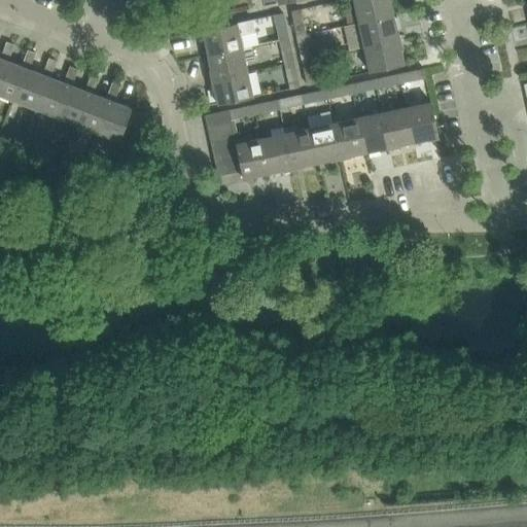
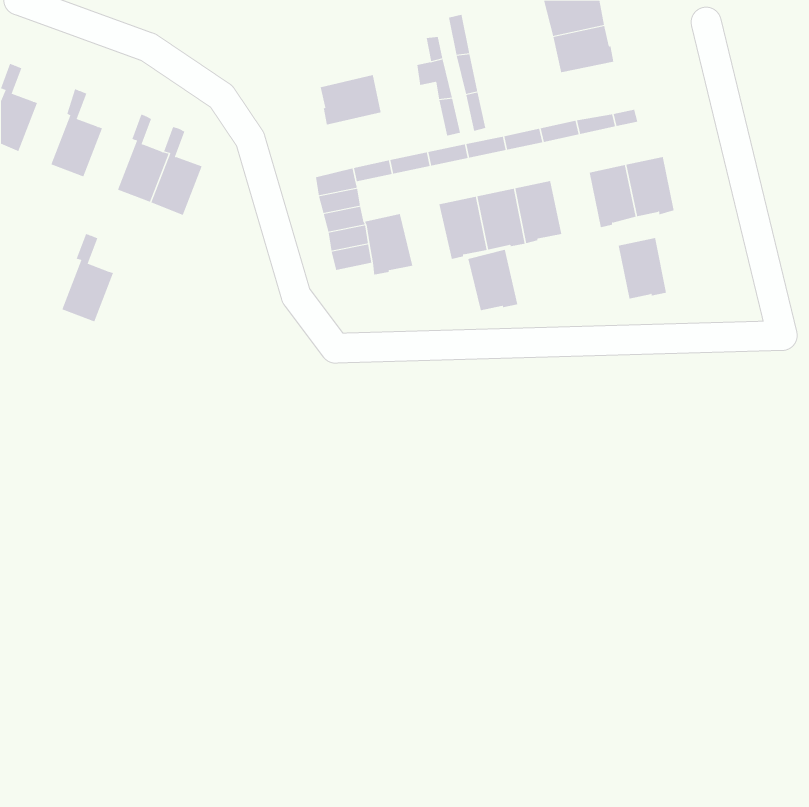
building: [203,21,255,58] -> none
building: [364,41,403,73] -> none
building: [12,50,45,108] -> none
building: [55,67,89,125] -> [62,233,114,322]
building: [212,74,253,105] -> none
building: [358,113,390,153] -> [618,238,667,299]
building: [260,134,293,174] -> [467,249,518,311]

